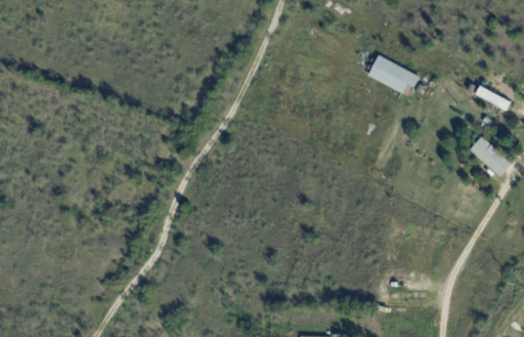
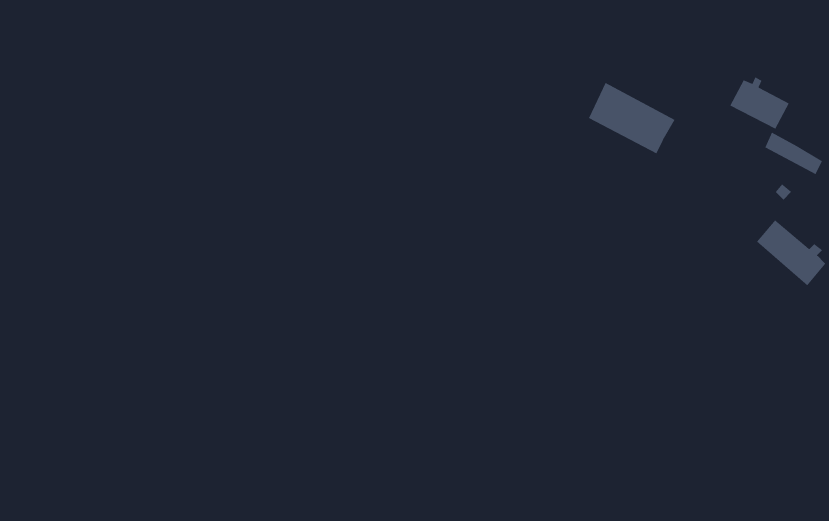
building: none -> [729,76,790,129]

